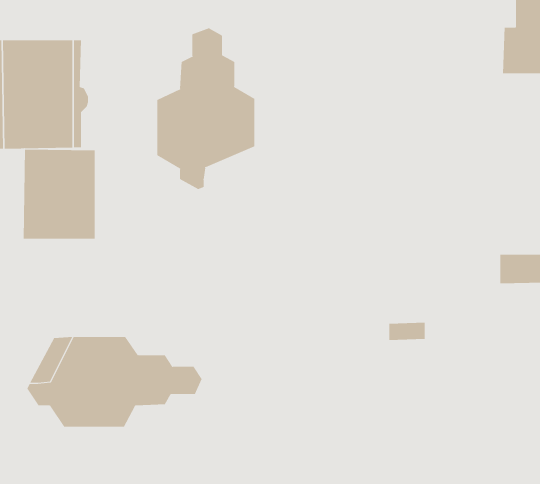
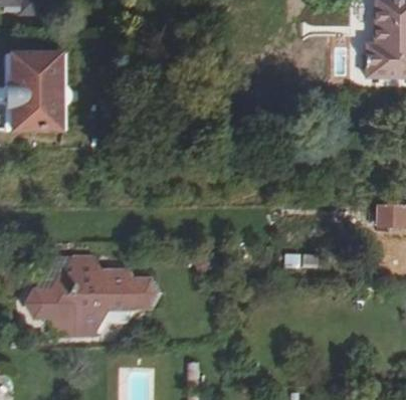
building: [157,27,255,190] -> none
building: [23,149,95,239] -> none

